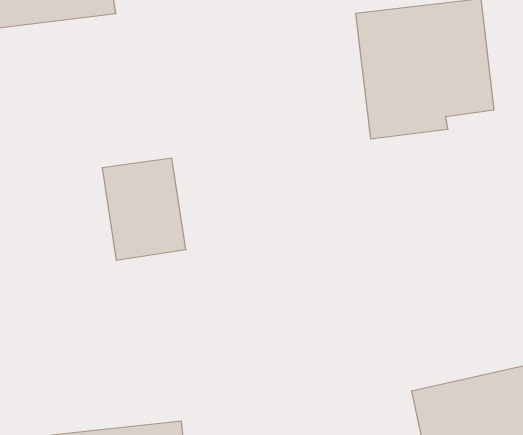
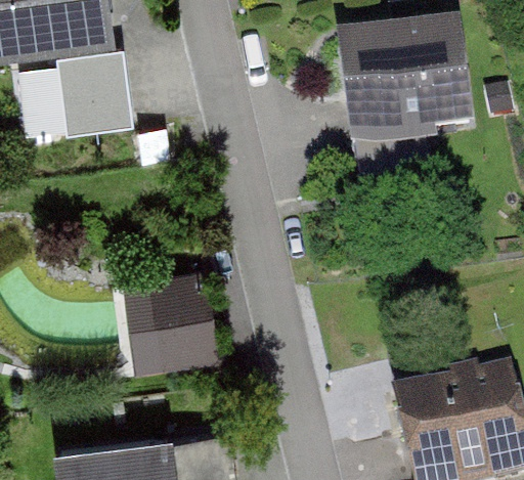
building: none -> [14,47,129,140]
building: [102,158,186,260] -> [142,269,222,366]

